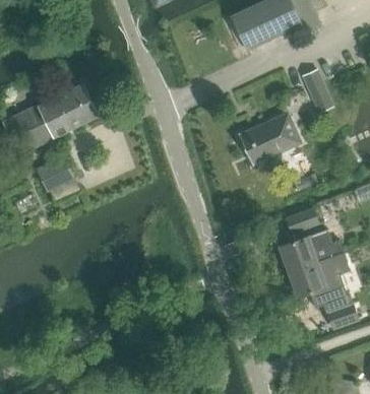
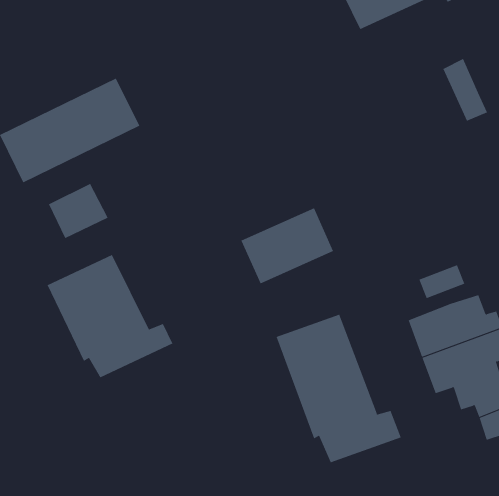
building: [239,113,302,165] -> [241,207,334,284]
building: none -> [47,254,173,378]
building: none -> [276,314,401,463]

